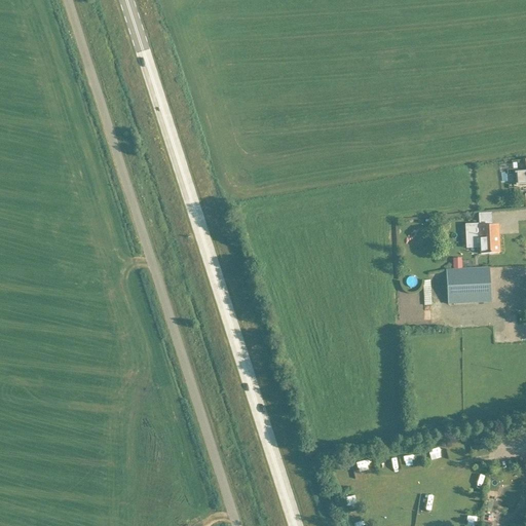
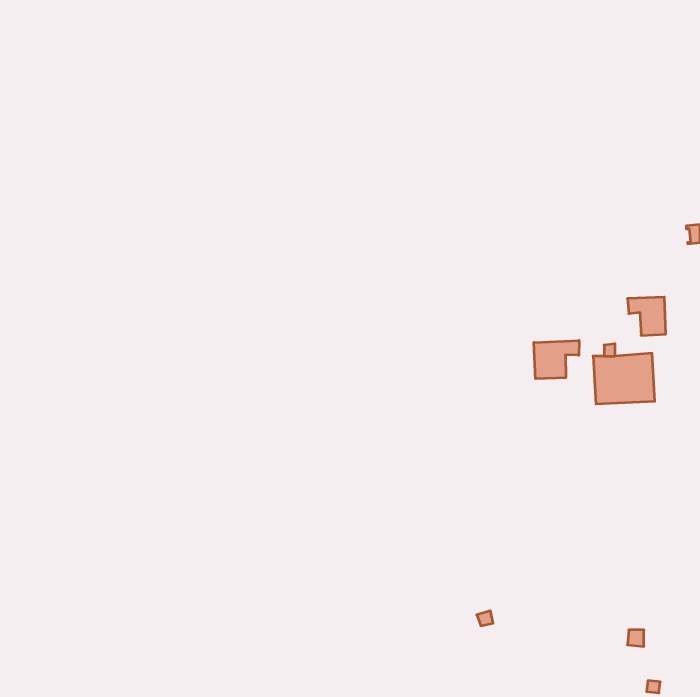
building: none -> [534,340,579,379]

